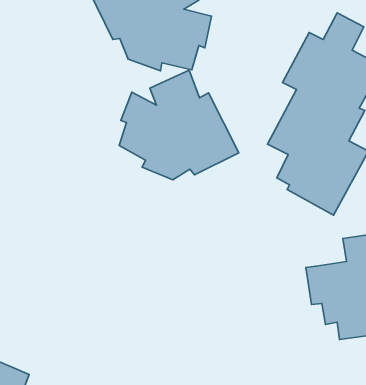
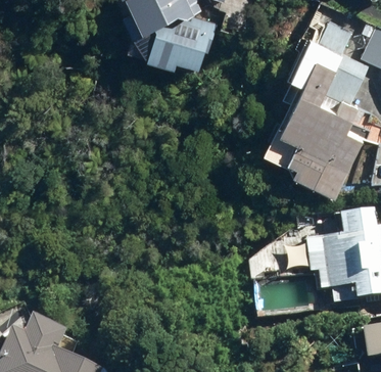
building: [119,70,239,180] -> none

